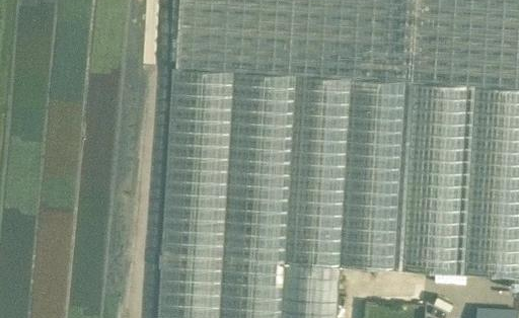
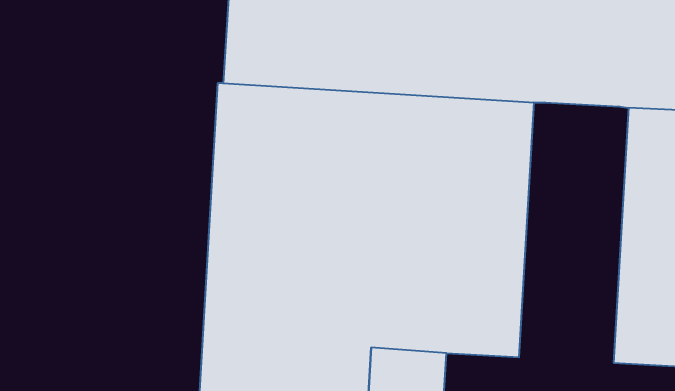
building: [403,81,469,272] -> none

